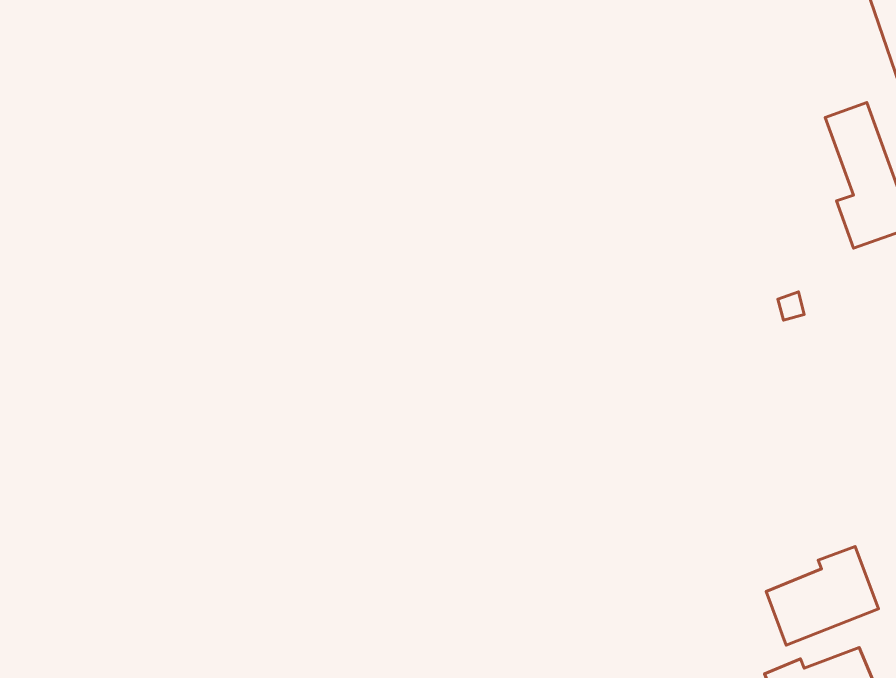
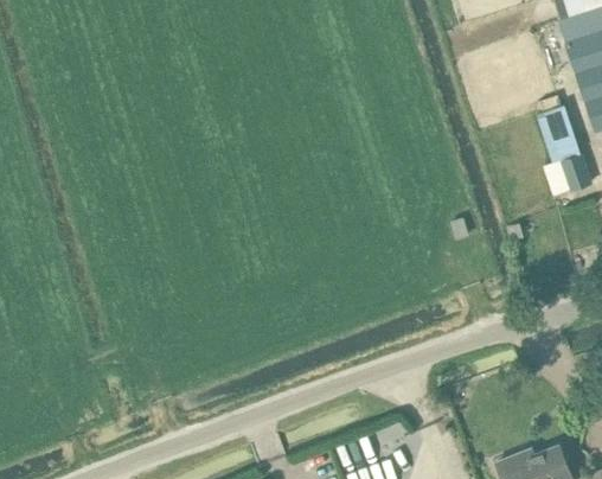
building: [766,546,878,645] -> none

